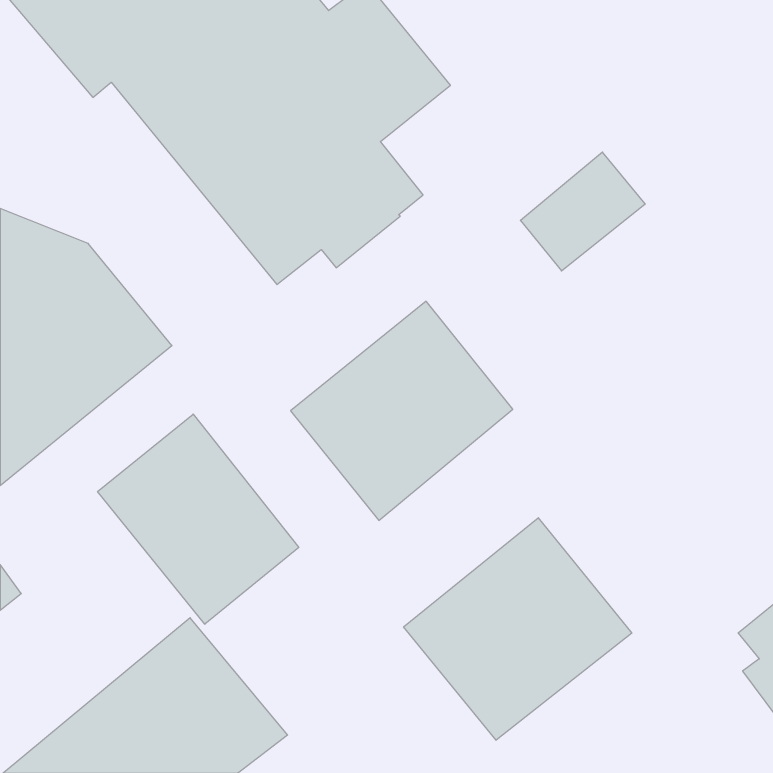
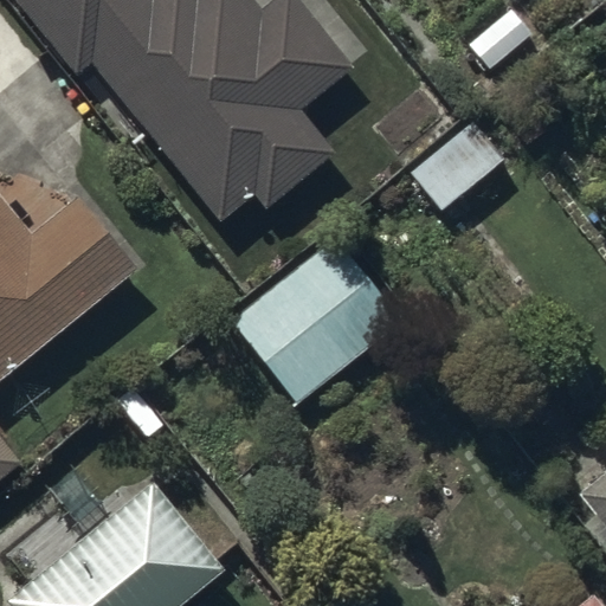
building: [98,414,299,624] -> none
building: [404,518,632,740] -> none

